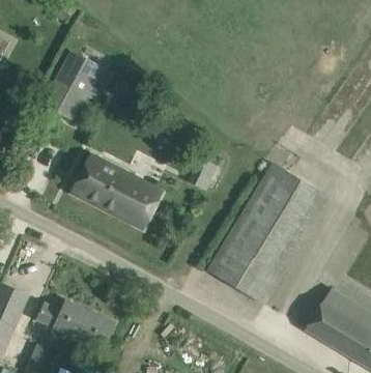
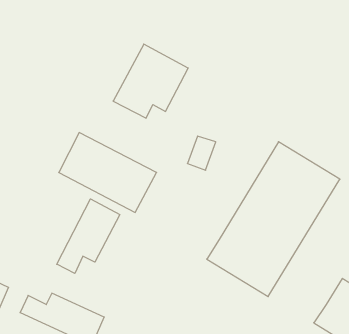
building: [41,52,110,119] -> [113,44,188,118]
building: none -> [57,199,120,273]

